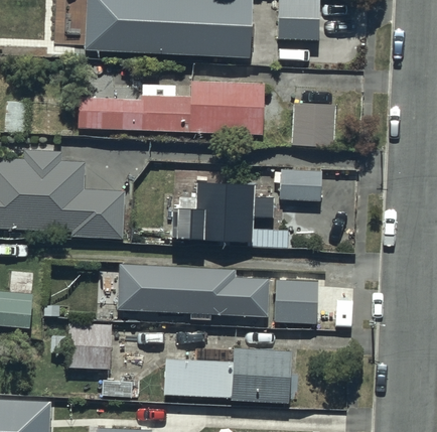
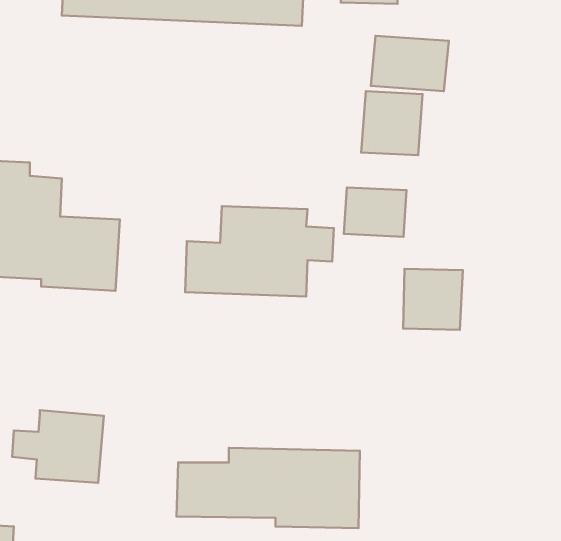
building: none -> [371,36,449,91]
building: [79,81,264,134] -> none
building: [119,265,268,313] -> none
building: [276,280,317,322] -> [403,269,463,330]

